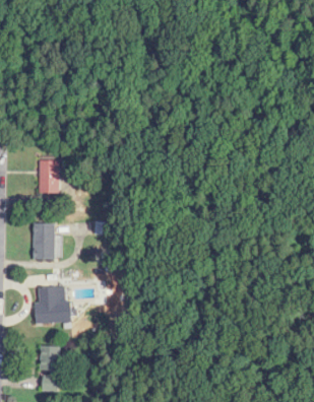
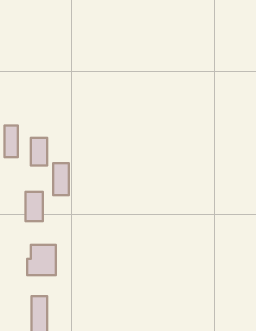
building: none -> [4,126,18,157]
building: none -> [53,163,69,195]

